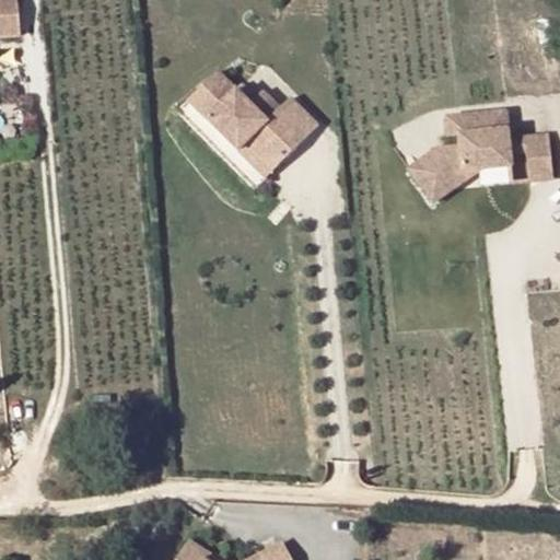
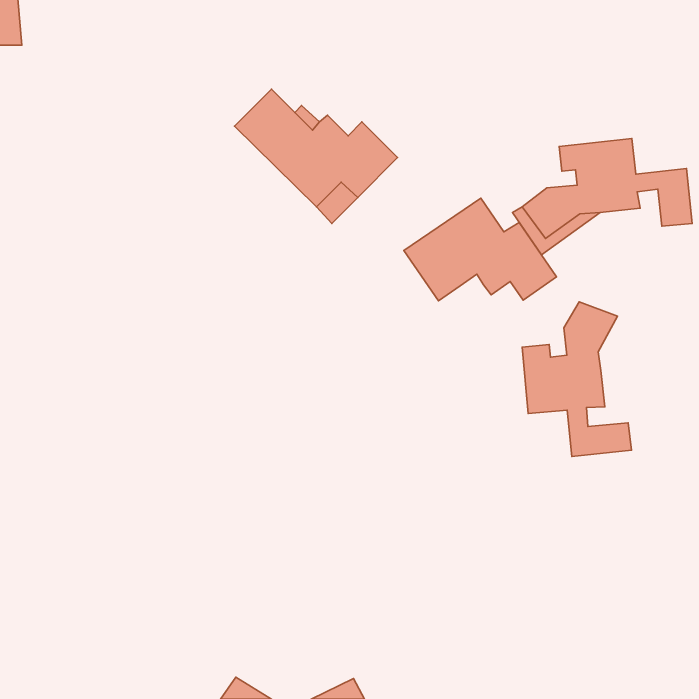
building: none -> [404,198,557,301]
building: none -> [522,302,631,456]

